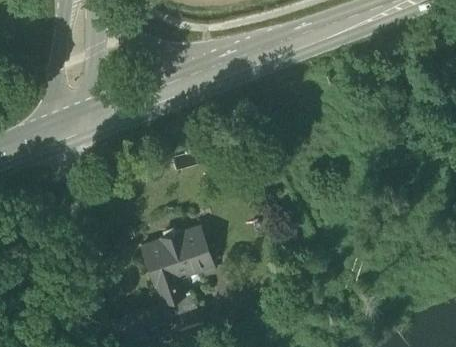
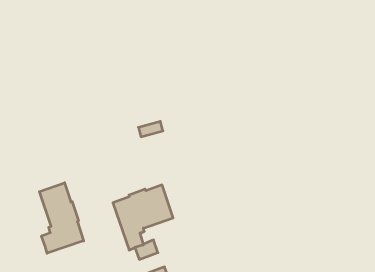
building: none -> [39,183,84,253]

